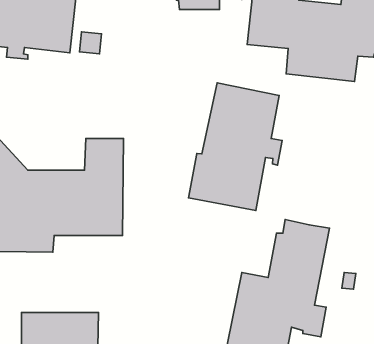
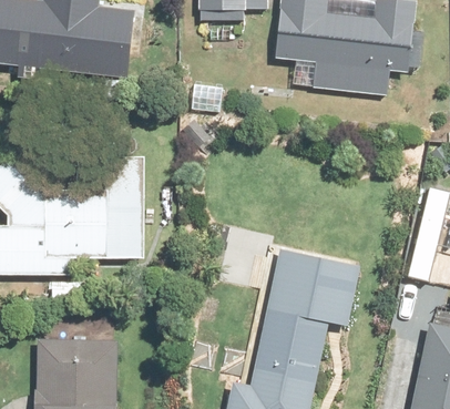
building: [188,83,282,211] -> none

